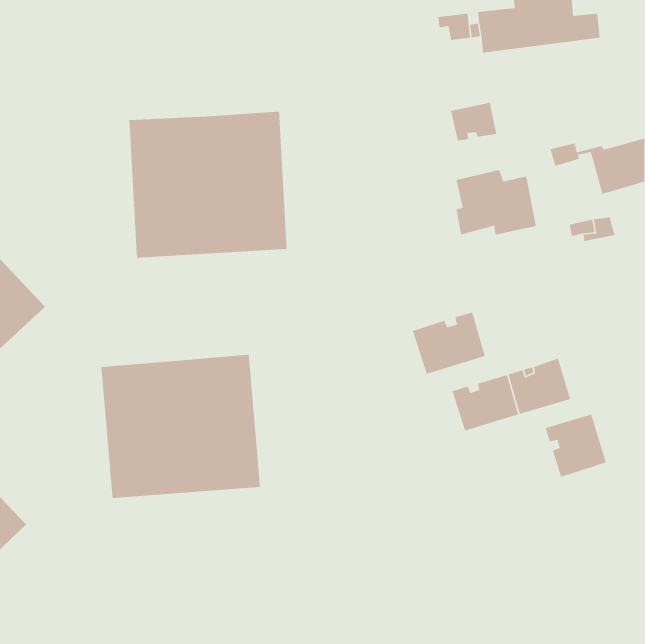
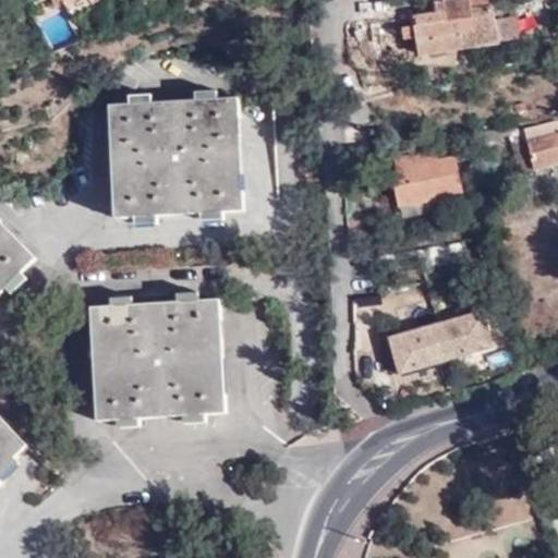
building: [450,102,497,142] -> none
building: [412,311,486,375] -> none
building: [545,413,607,478] -> none

